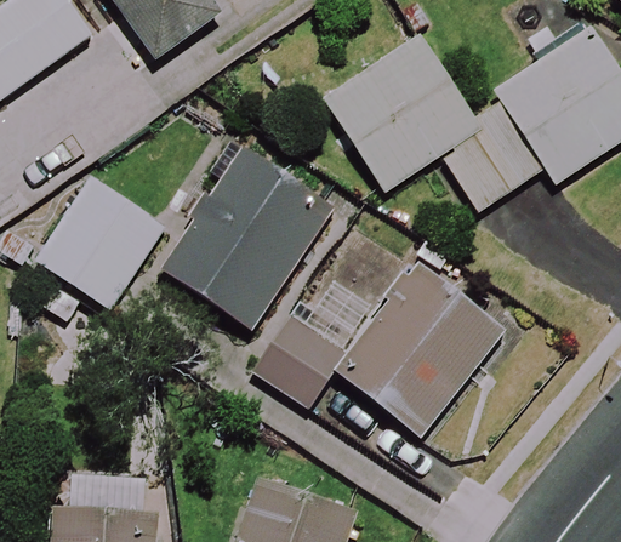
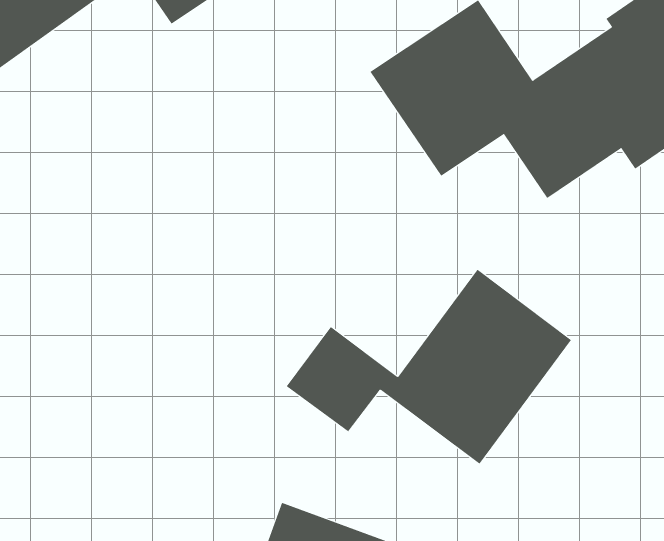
building: [165,153,329,327] -> none
building: [38,177,165,319] -> none

